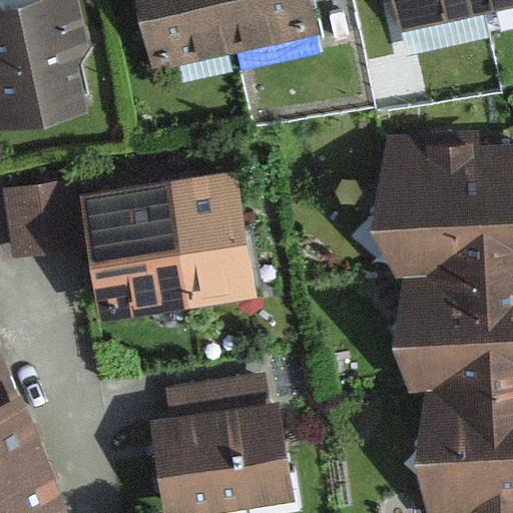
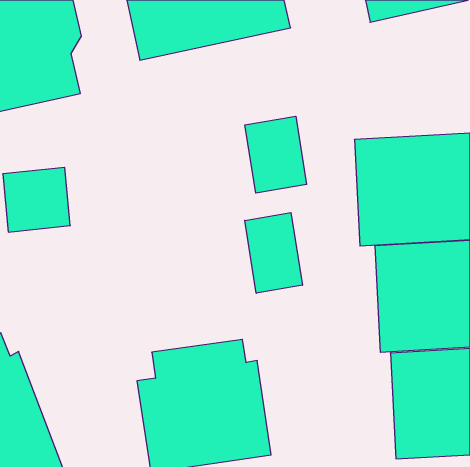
building: none -> [245,116,307,193]
building: [82,168,253,318] -> none
building: none -> [245,213,302,293]

